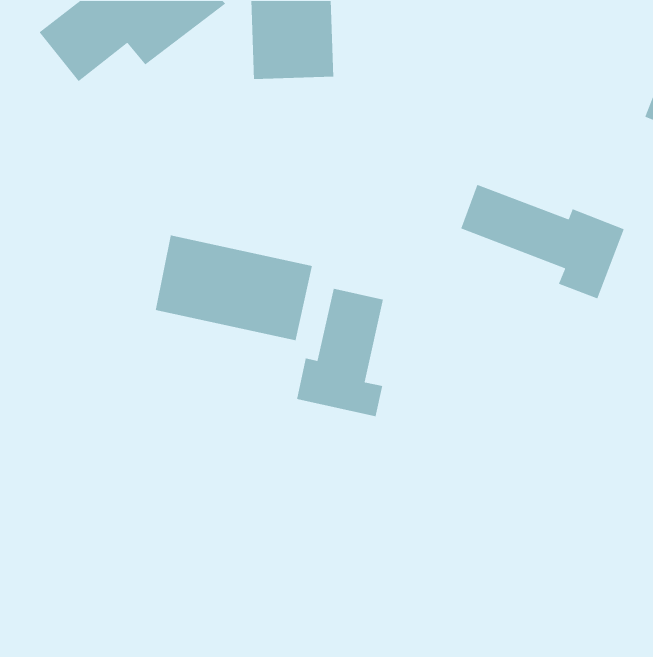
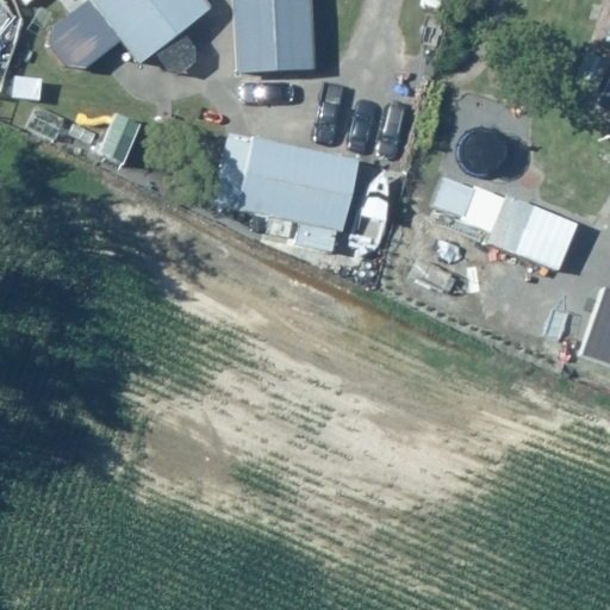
building: [155,235,313,341] -> [212,131,359,230]
building: [296,288,384,417] -> none

